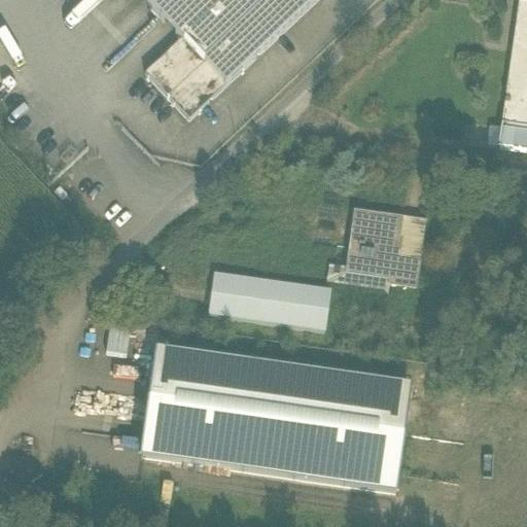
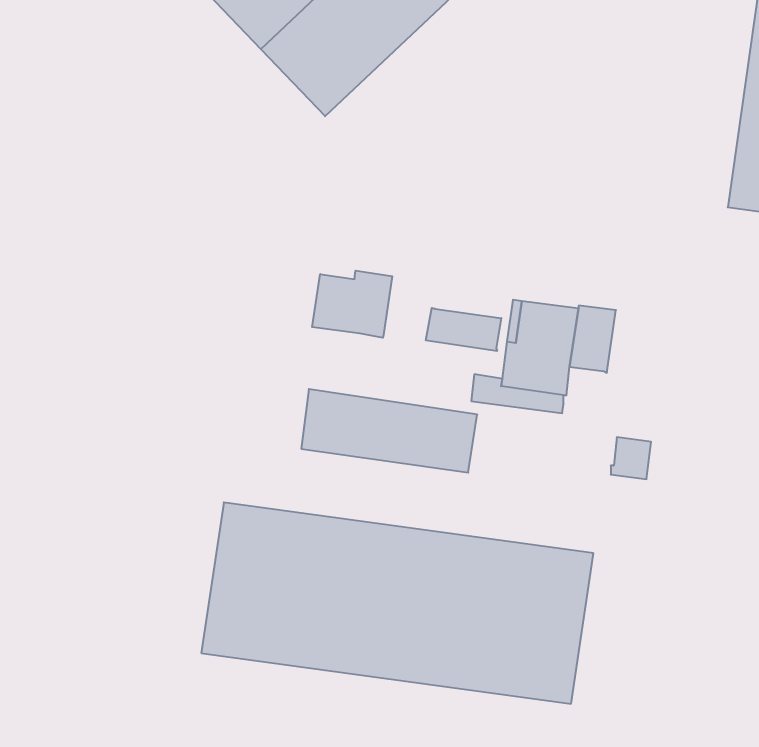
building: [146,34,226,114] -> none
building: none -> [312,271,392,338]
building: none -> [426,308,501,351]
building: [391,253,419,282] -> [611,437,651,479]

